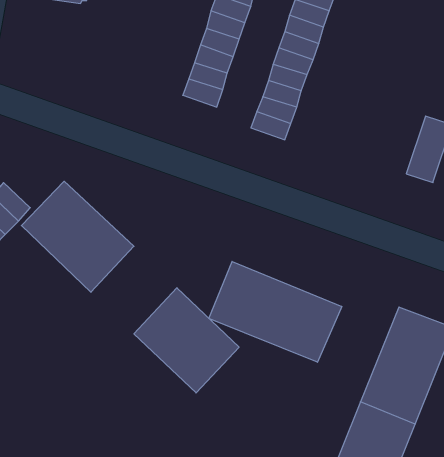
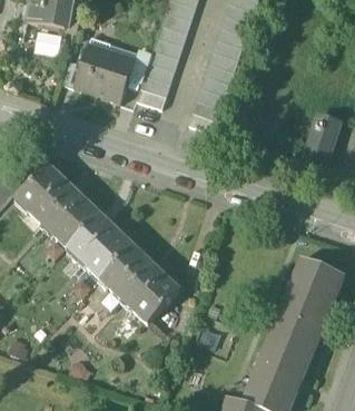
building: none -> [73,41,135,102]
building: none -> [69,212,134,277]
building: [209,261,342,362] -> none

